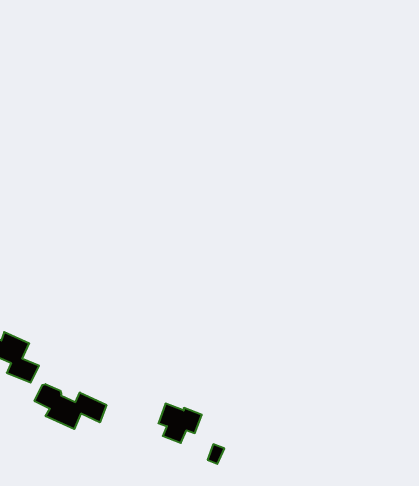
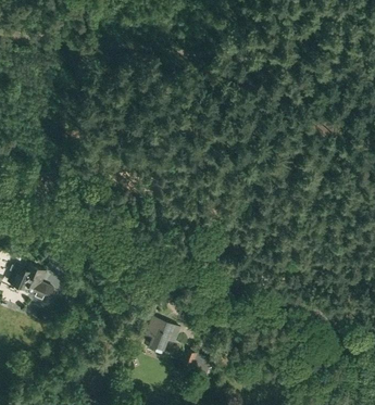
building: [35,384,106,429] -> none

